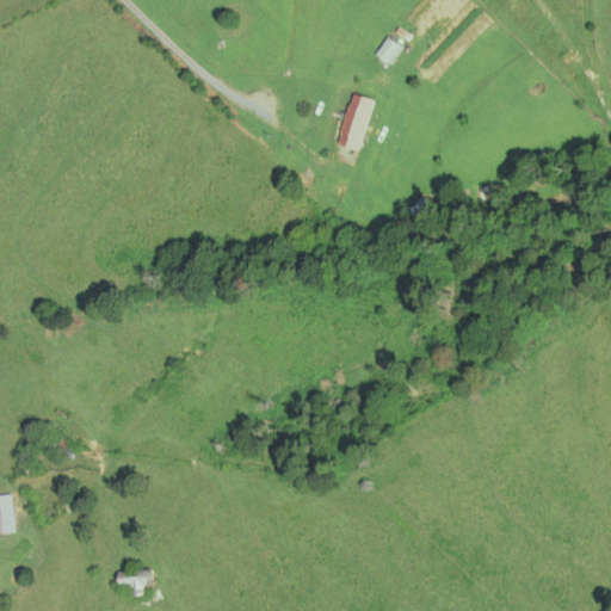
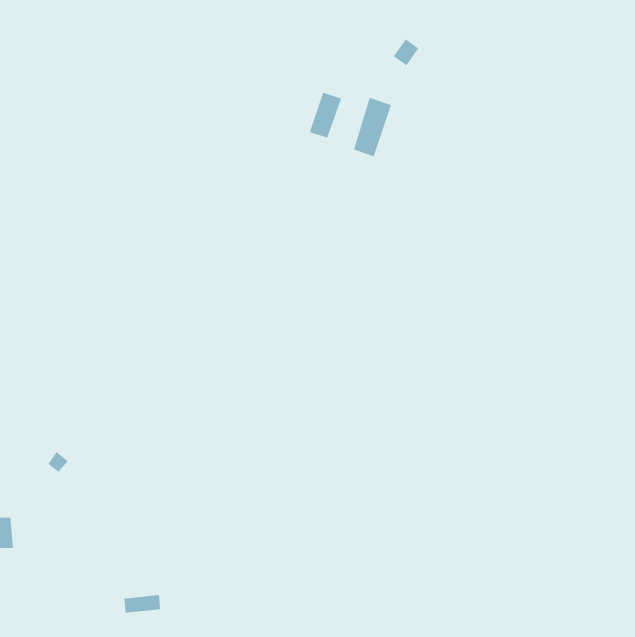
building: none -> [309,92,342,138]

